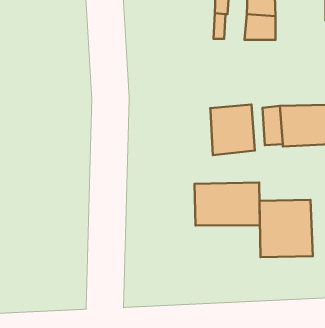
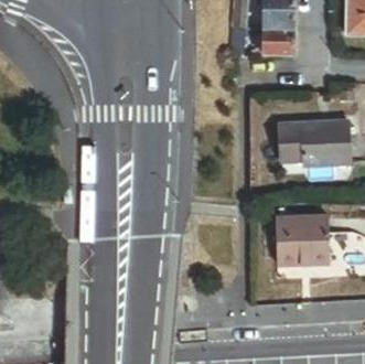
building: [210,105,255,155] -> none
building: [195,183,260,226] -> none

